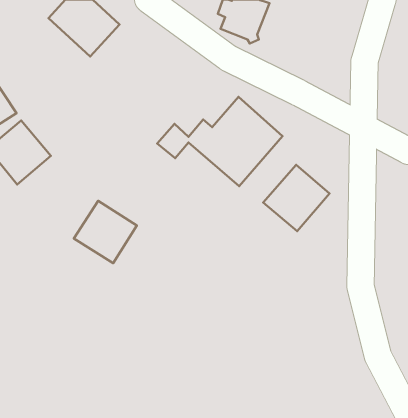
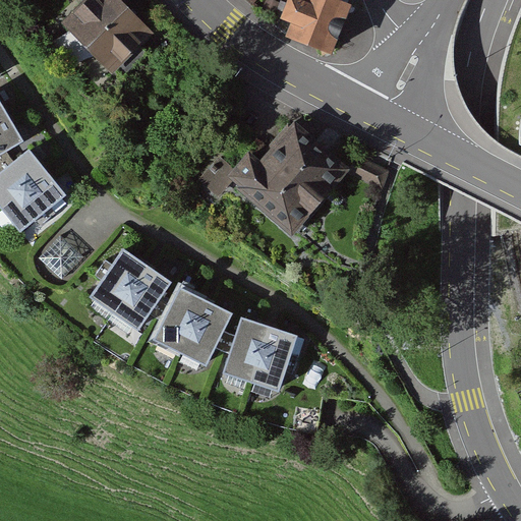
building: [263,165,329,231] -> none
building: none -> [157,288,233,363]
building: none -> [224,319,296,388]

